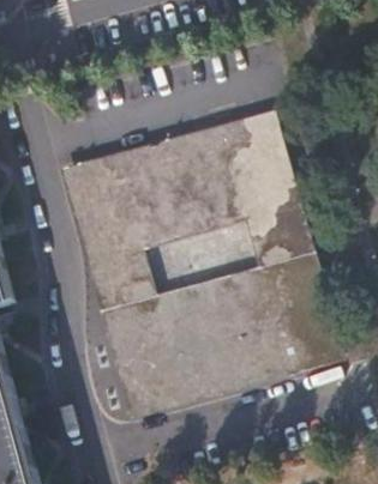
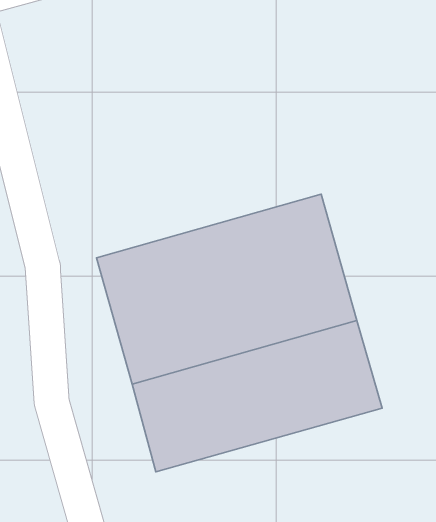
building: [80,120,280,230] -> none

